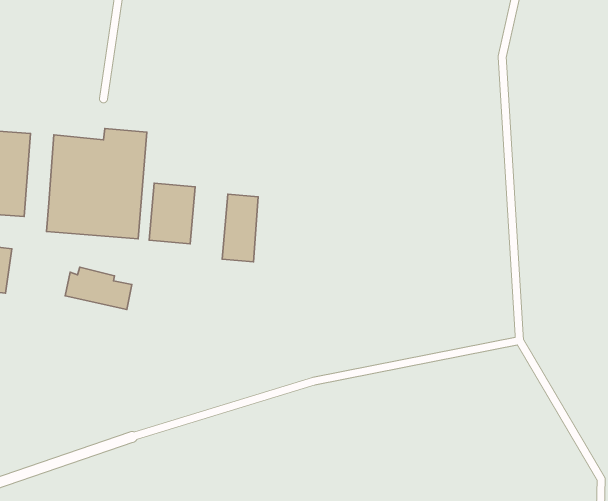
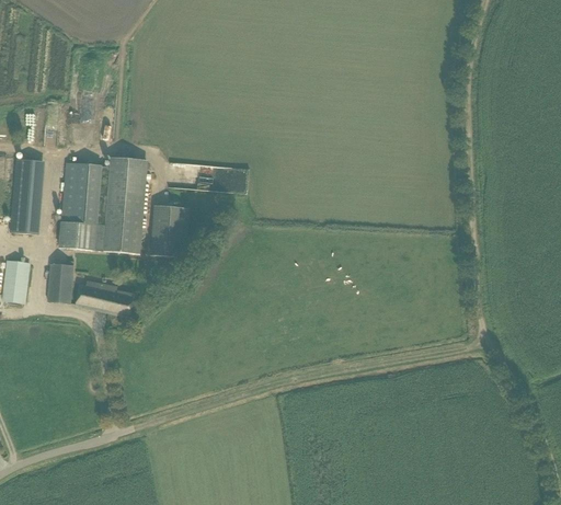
building: [222,194,258,262] -> none
building: none -> [47,262,72,302]

